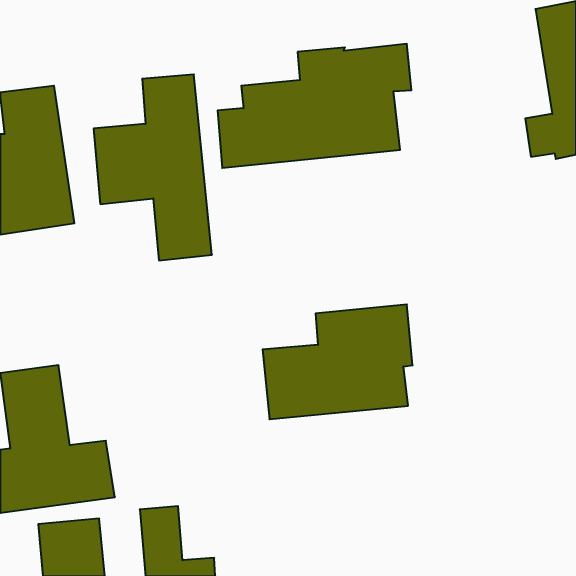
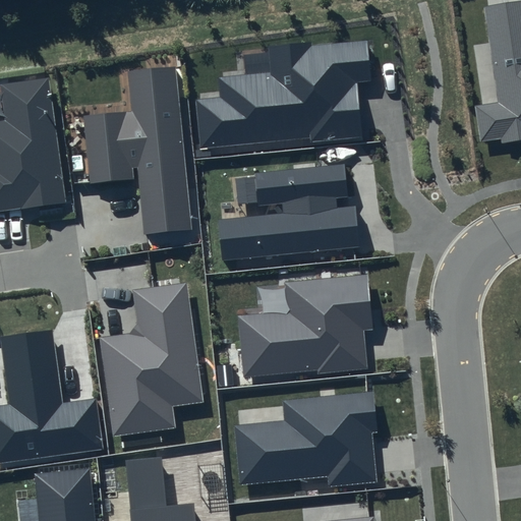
building: none -> [219,165,359,260]
building: none -> [99,282,204,438]
building: none -> [234,392,377,487]

